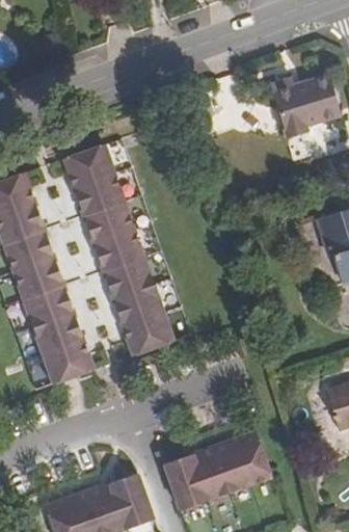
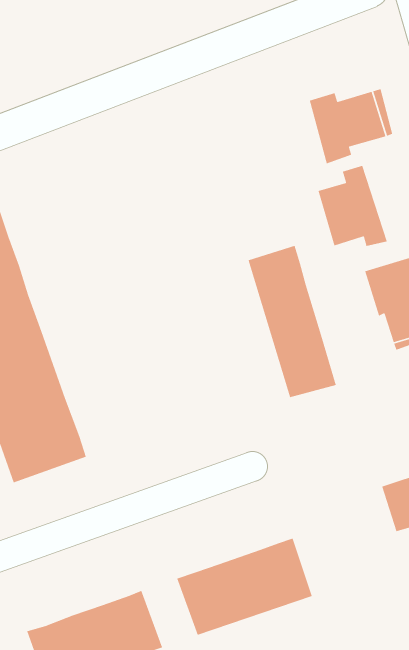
building: [62,136,191,355] -> none
building: none -> [318,165,388,247]
building: none -> [248,245,337,398]

